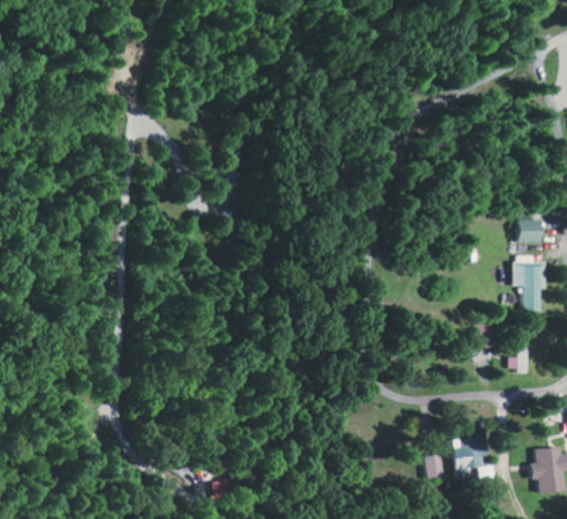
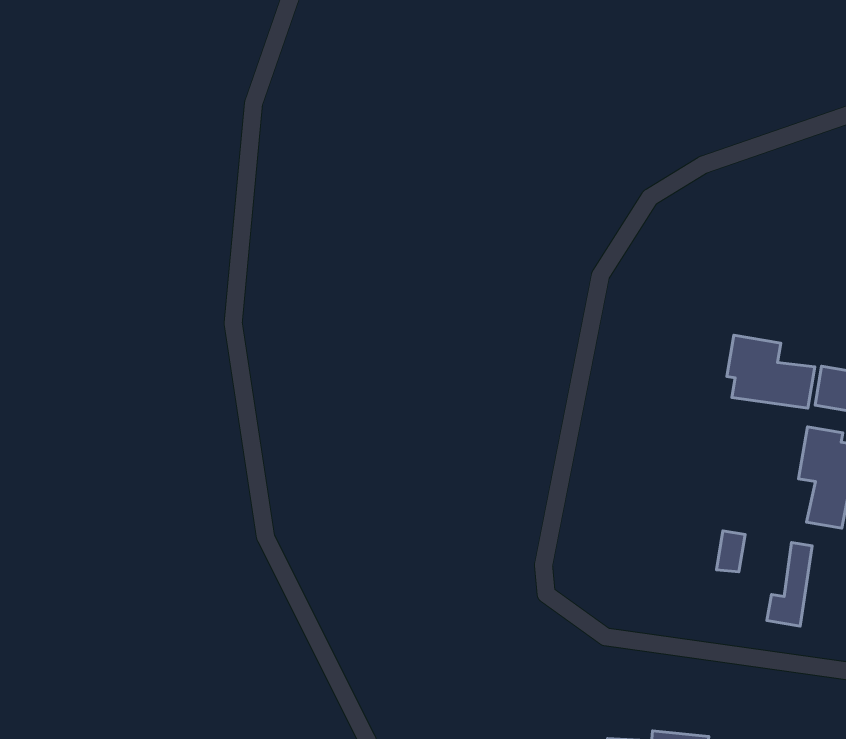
building: none -> [727,335,815,408]

